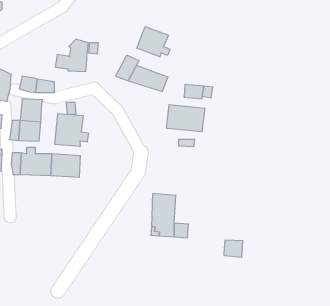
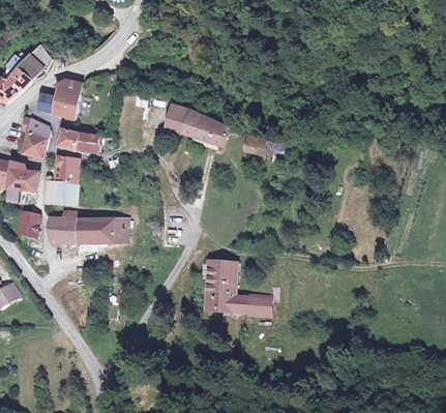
building: [137,27,170,57] -> none
building: [55,39,89,72] -> [40,75,79,112]
building: [166,105,205,132] -> none
building: [55,113,88,147] -> none
building: [224,240,243,257] -> [250,298,272,318]

